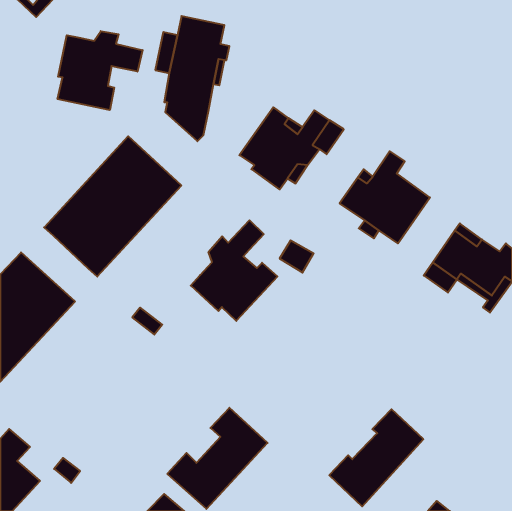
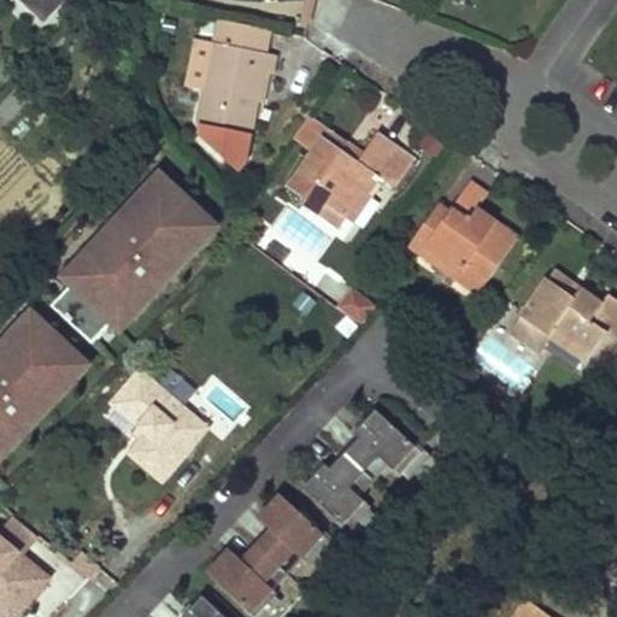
building: [58,31,143,110] -> none
building: [191,220,277,321] -> none
building: none -> [46,283,106,342]
building: none -> [104,366,207,484]
building: [329,409,423,506] -> [298,407,411,524]

